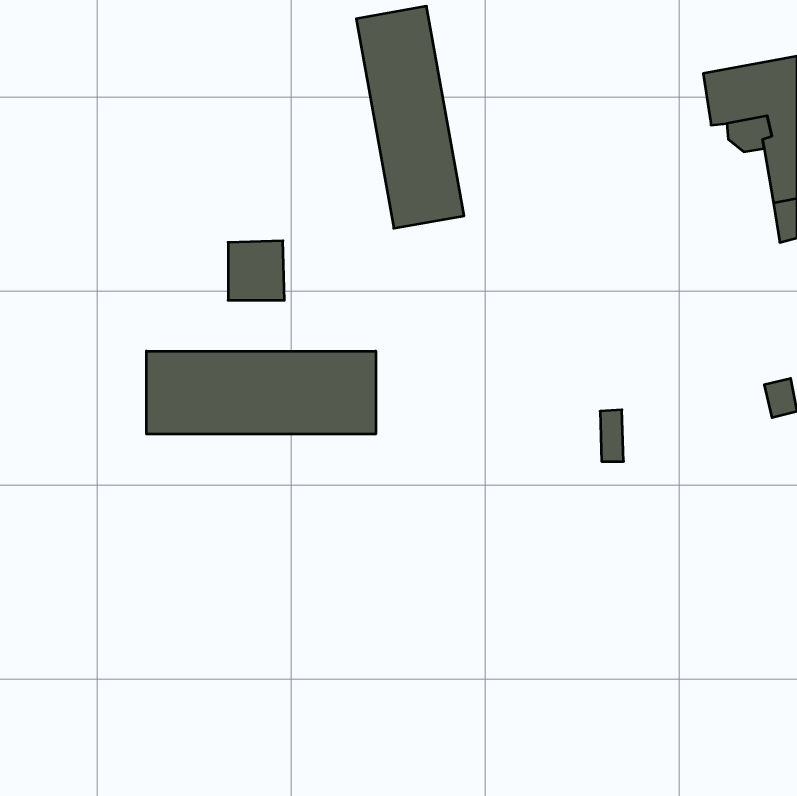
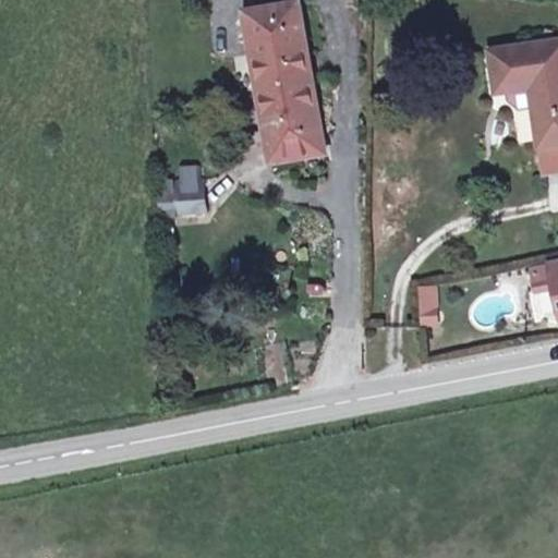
building: [146,351,376,434] -> none

